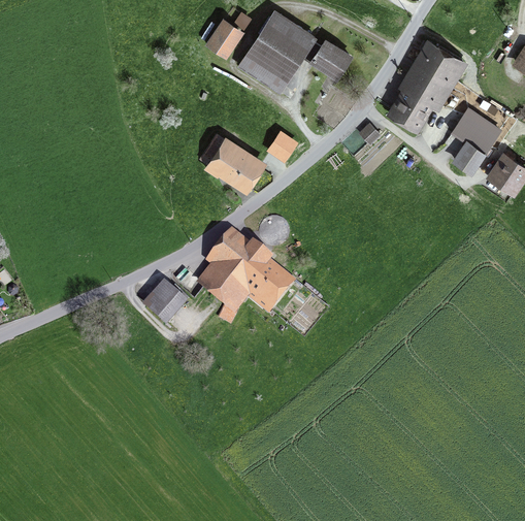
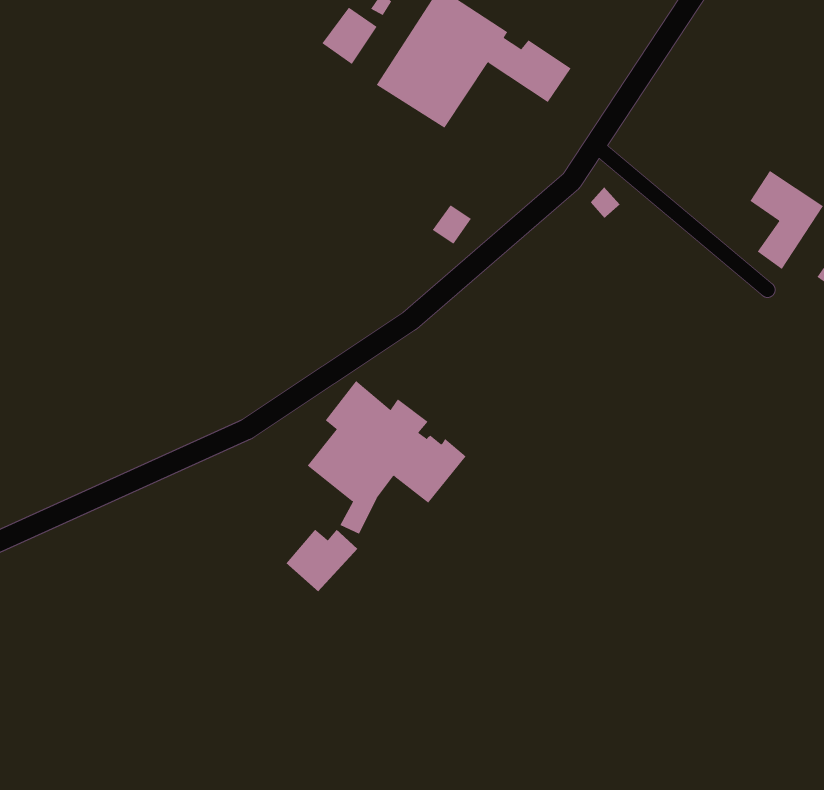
building: [392,44,464,127] -> none
building: [201,134,259,186] -> none
building: [147,286,189,322] -> [286,529,358,592]

